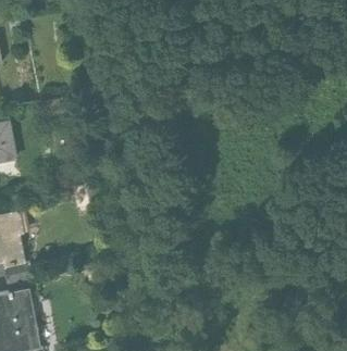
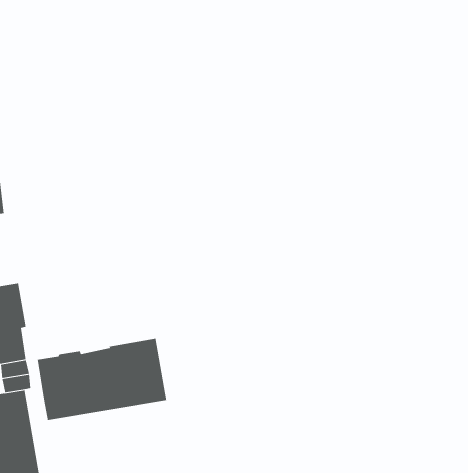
building: none -> [37,338,167,421]

